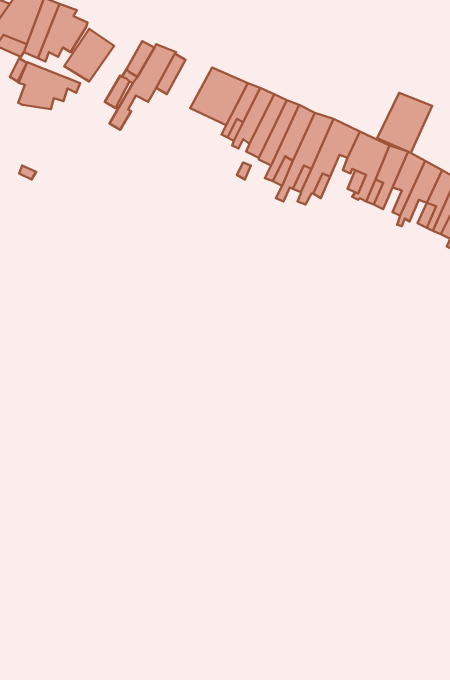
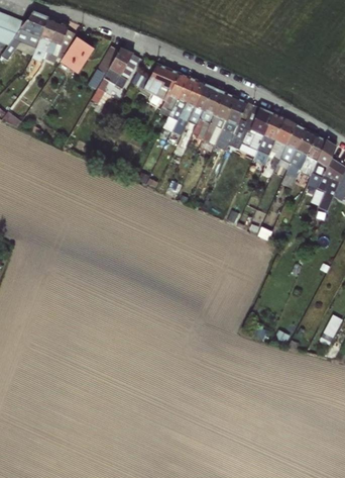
building: [18,62,80,109] -> none
building: [377,93,432,153] -> none

